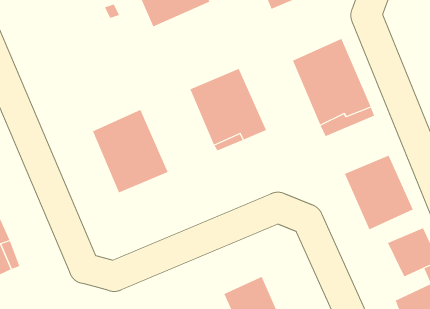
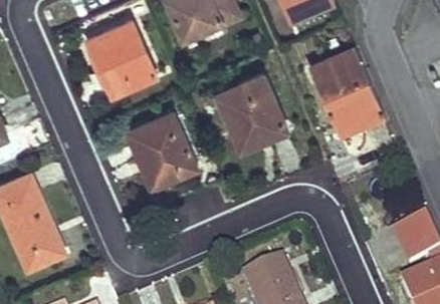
building: none -> [87,23,157,96]
building: [344,155,413,230] -> none

